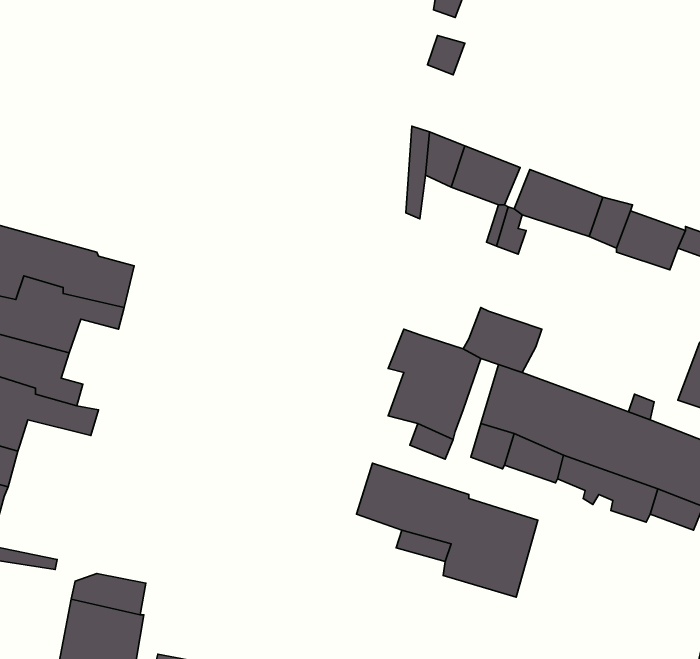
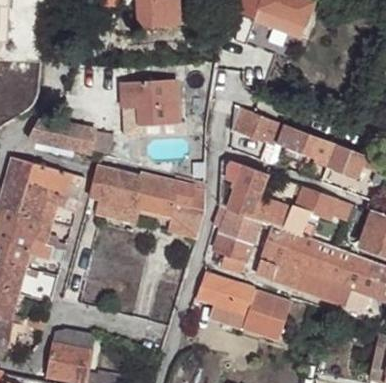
building: none -> [126,81,181,124]
building: none -> [52,117,97,147]
building: none -> [229,161,267,217]
building: none -> [90,165,205,238]
building: none -> [281,188,351,240]

